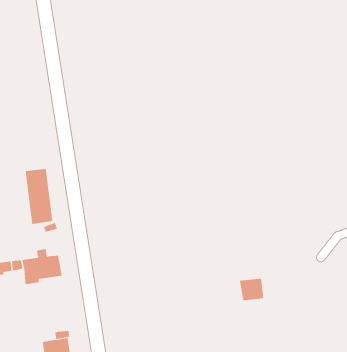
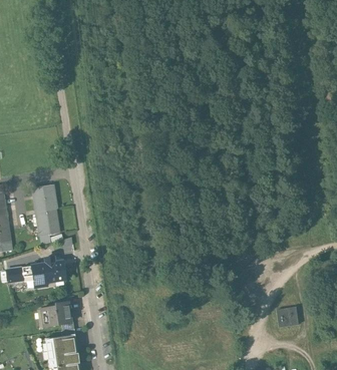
building: [239,278,264,301] -> [278,307,300,327]
building: none -> [42,301,72,326]

